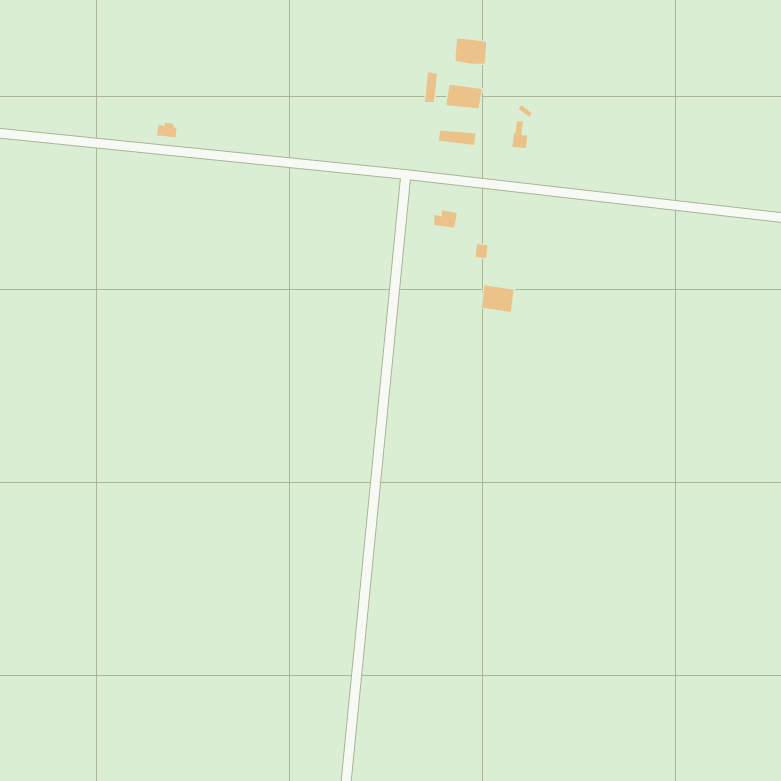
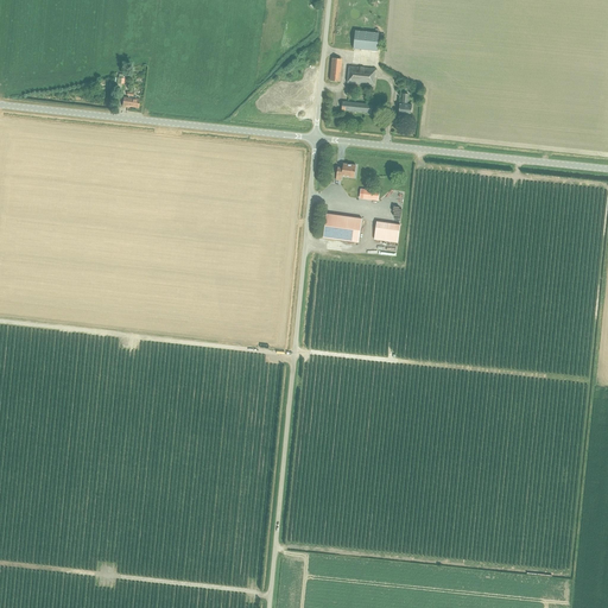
building: none -> [322,213,361,241]

